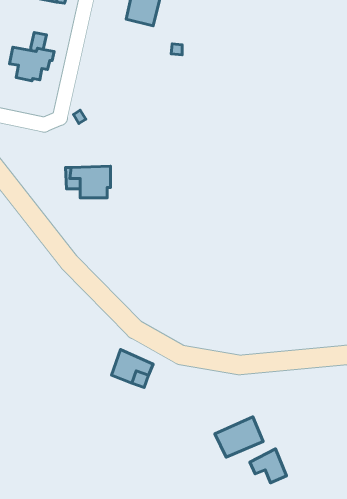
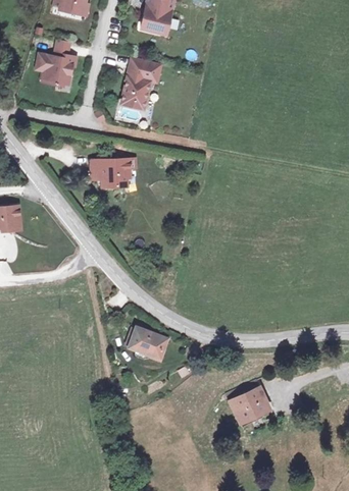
building: none -> [122,56,162,107]
building: [250,449,287,483] -> none

